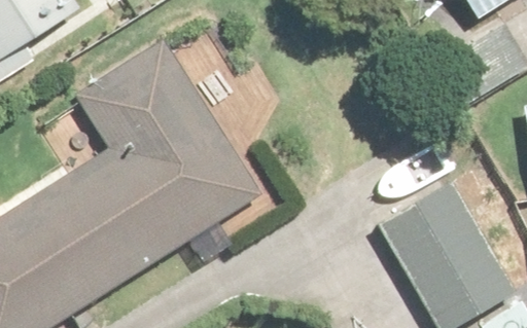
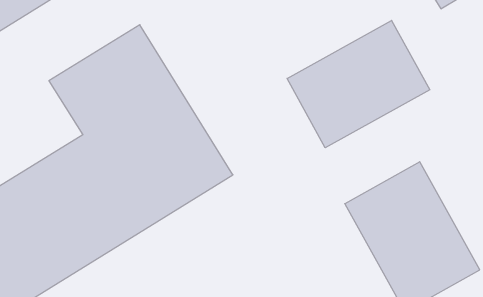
building: none -> [287,20,430,148]

